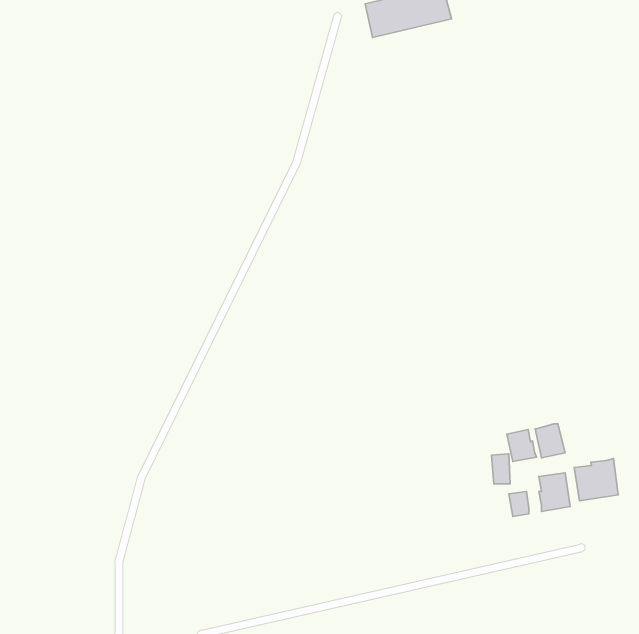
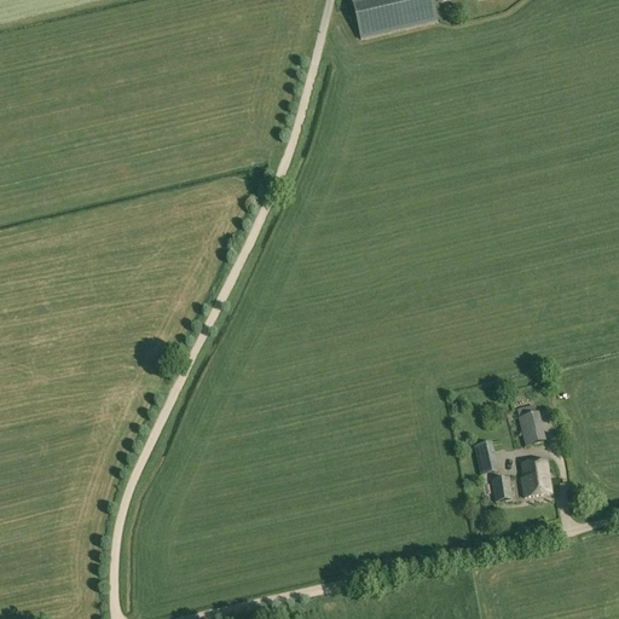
building: [507,429,536,462] -> none
building: [574,458,618,501] -> none

